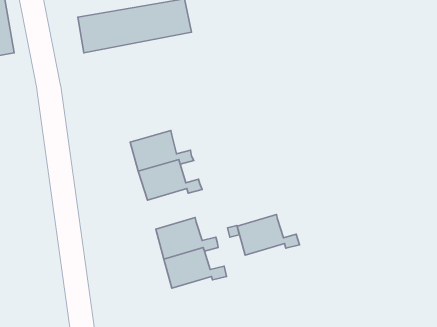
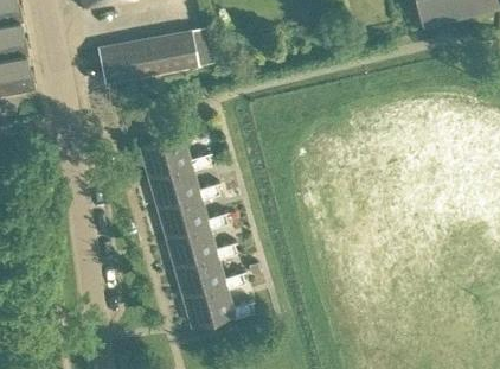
building: none -> [142,135,206,177]
building: [237,215,300,255] -> [168,224,232,266]

